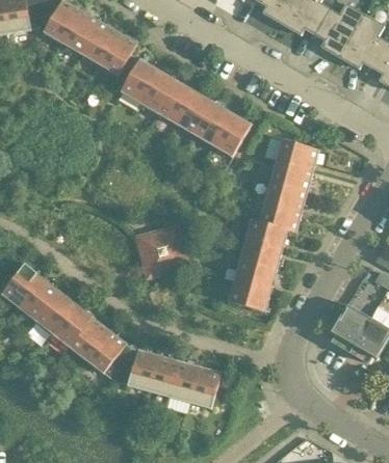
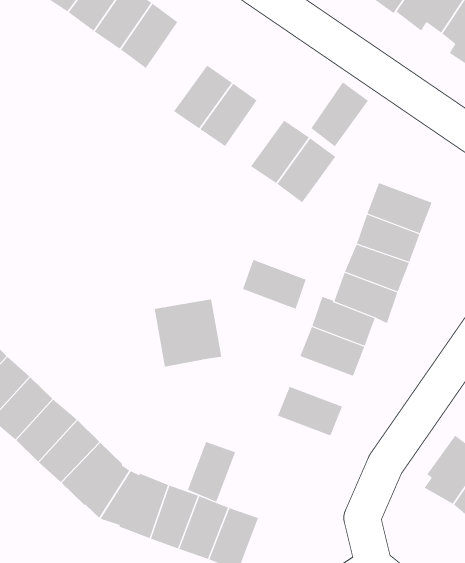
building: [120,58,158,103] -> none
building: [176,90,213,135] -> [311,82,369,147]
building: [233,260,276,291] -> [242,259,307,309]
building: none -> [187,441,236,502]

